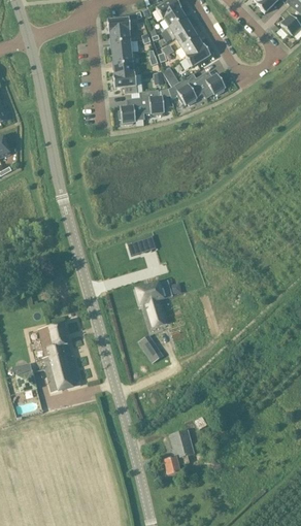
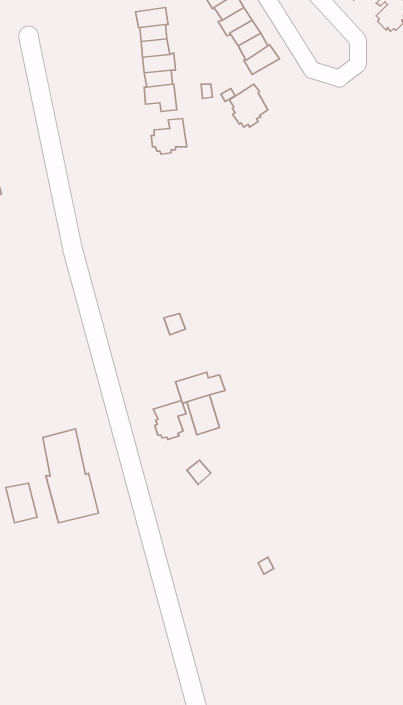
building: [195,73,225,97] -> none
building: [139,90,166,114] -> none
building: none -> [153,401,186,440]
building: [164,429,194,474] -> none

